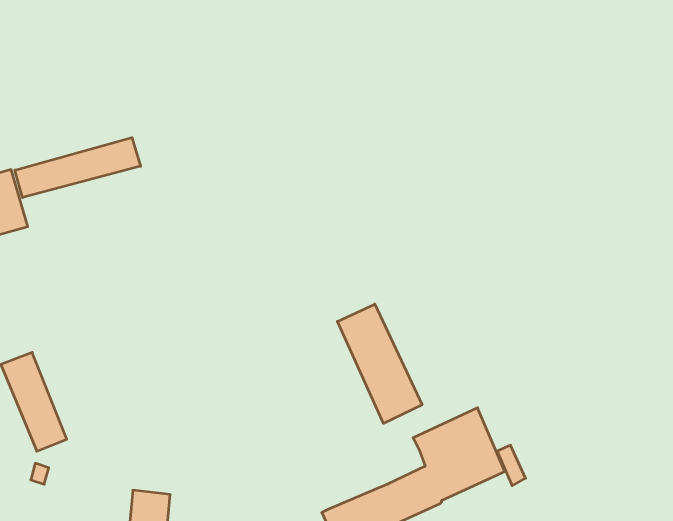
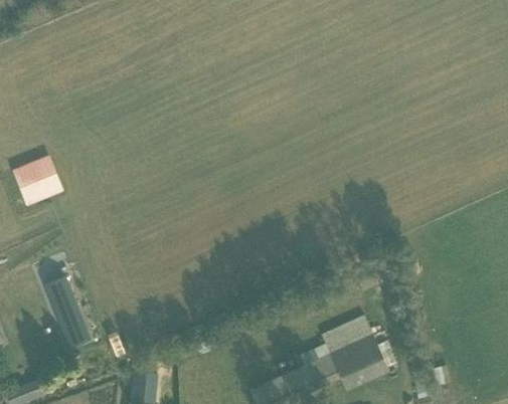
building: [15,138,141,198] -> none
building: [337,304,422,423] -> none

